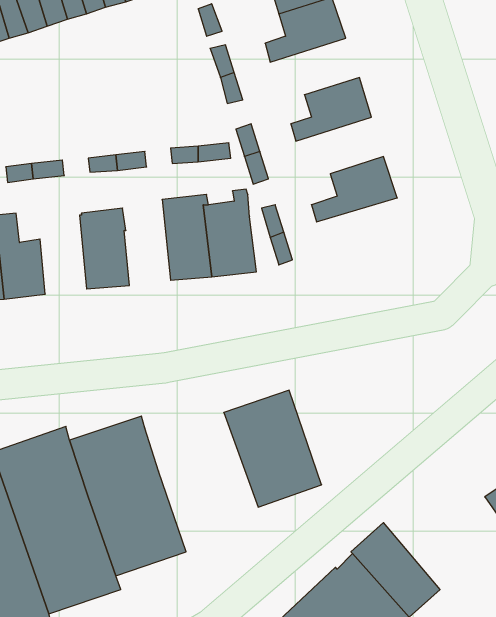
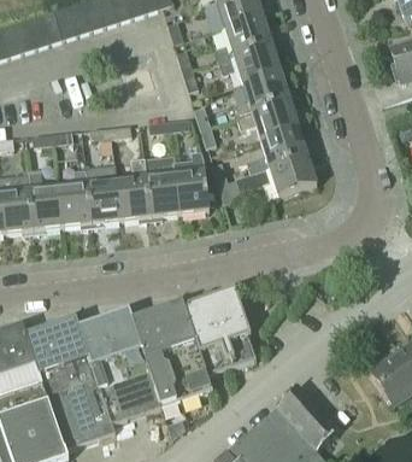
building: none -> [219,45,282,84]
building: none -> [237,100,299,140]
building: none -> [237,157,317,194]
building: none -> [117,158,149,218]
building: none -> [58,169,90,224]
building: none -> [131,302,211,405]

